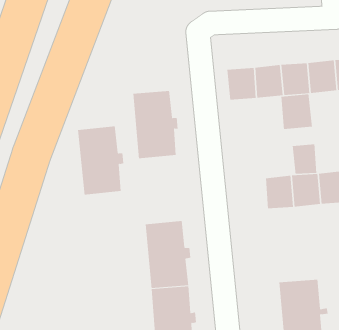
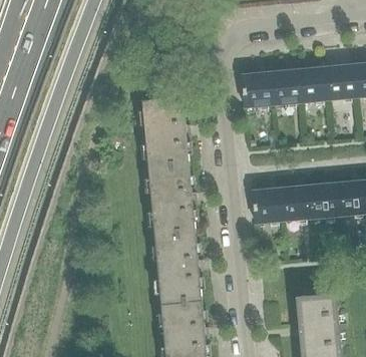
building: [281,94,312,130] -> none
building: [77,126,124,195] -> [149,164,199,237]
building: [292,144,317,174] -> none
building: none -> [253,189,284,224]

